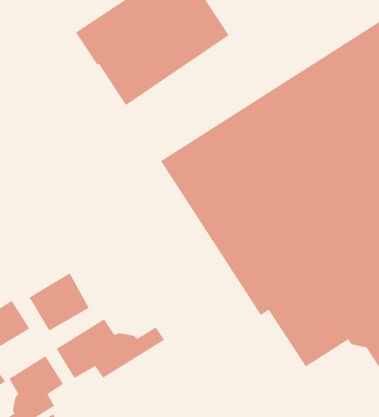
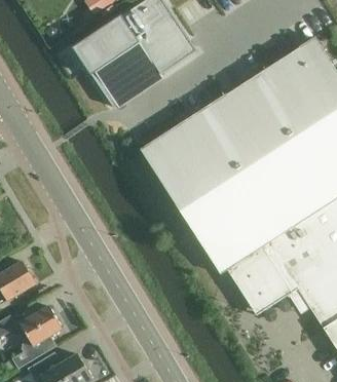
building: [29,273,89,331] -> none
building: [56,318,165,379] -> none

